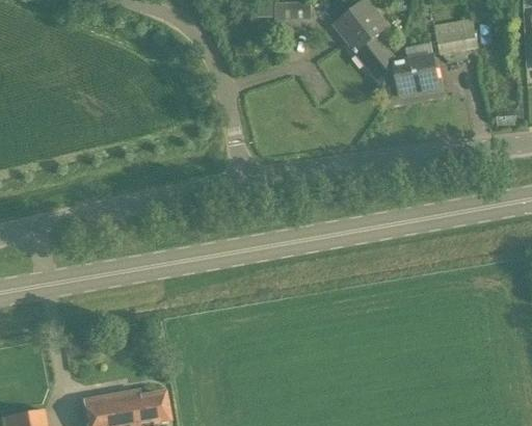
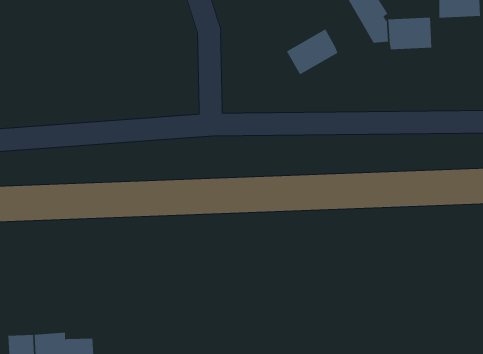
building: none -> [286,29,338,75]

